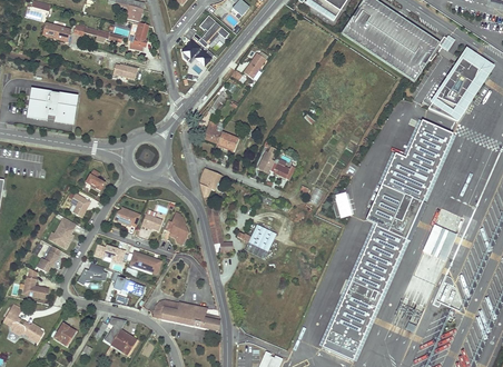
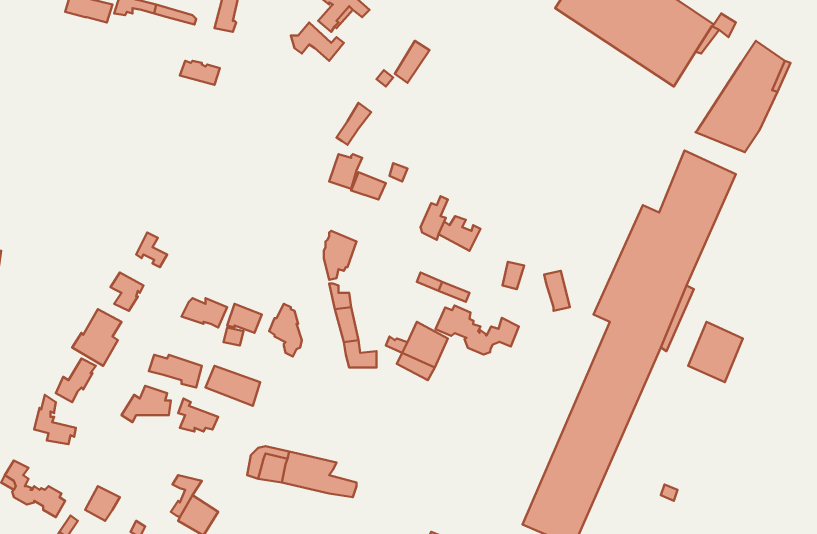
building: [27,89,77,123] -> none
building: none -> [436,306,519,355]

